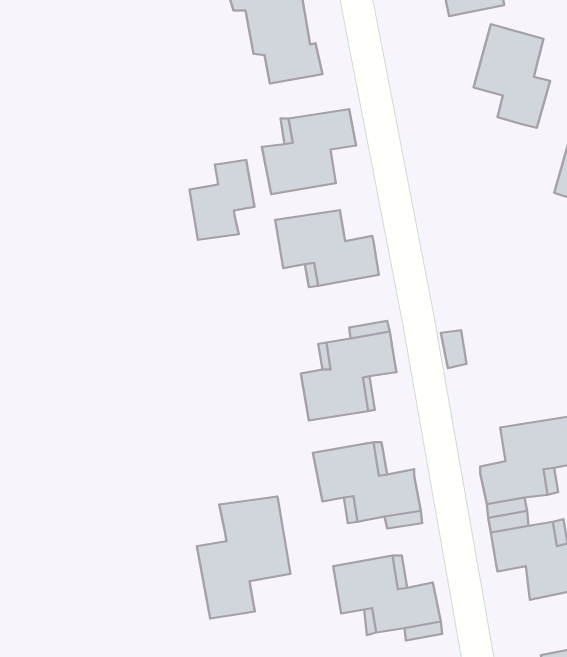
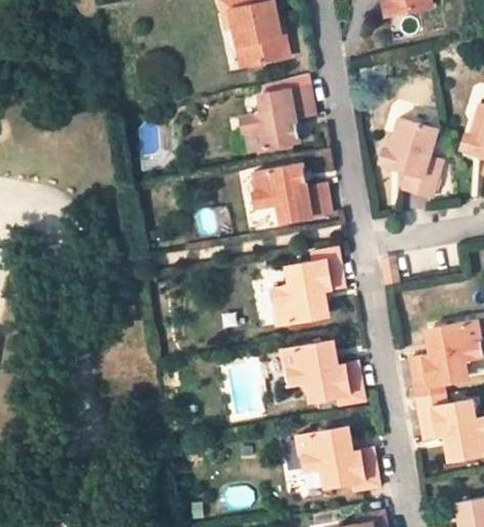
building: [473,24,550,128] -> [384,118,443,198]
building: [189,160,255,240] -> none
building: [197,497,290,618] -> none

